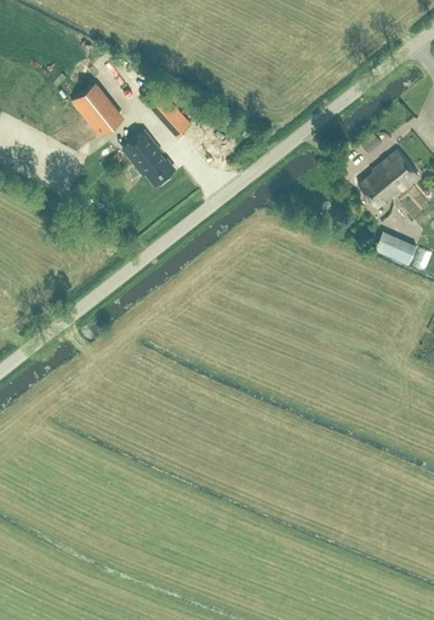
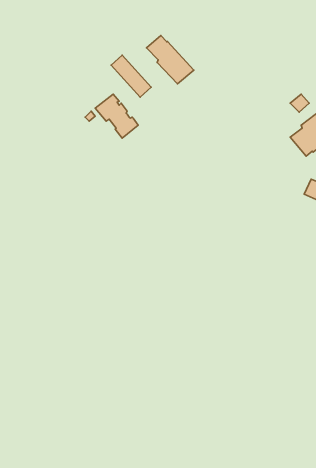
building: none -> [146,35,194,84]
building: [72,82,124,137] -> none

